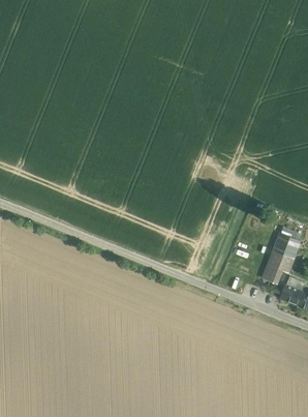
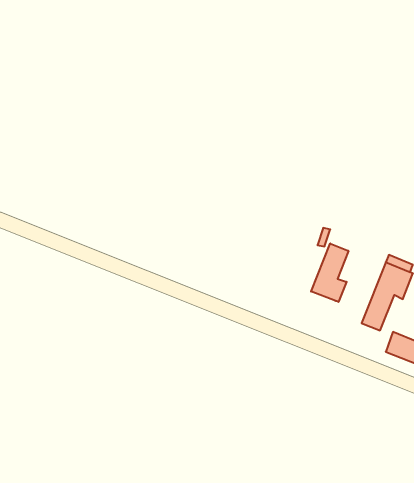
building: none -> [311,243,348,302]

